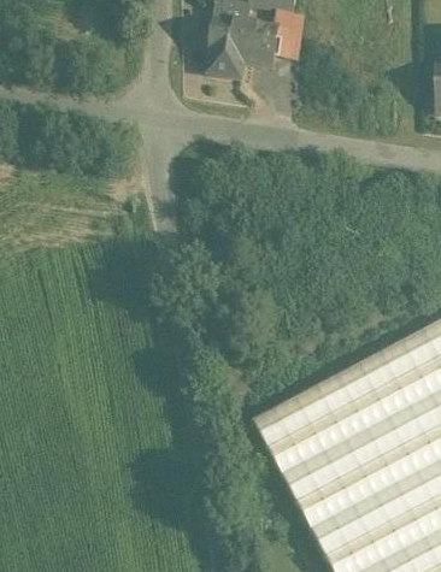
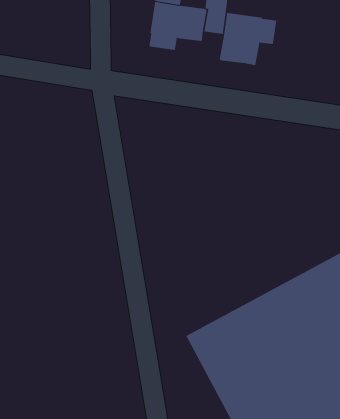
building: none -> [219,12,277,66]

